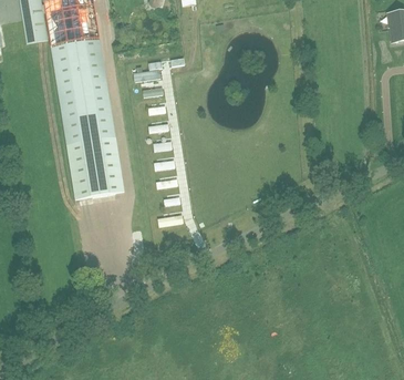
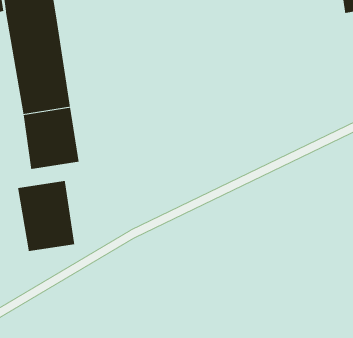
building: none -> [18,180,75,252]

